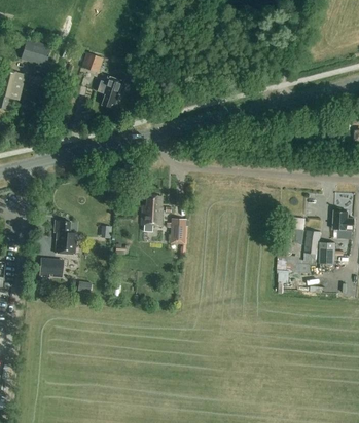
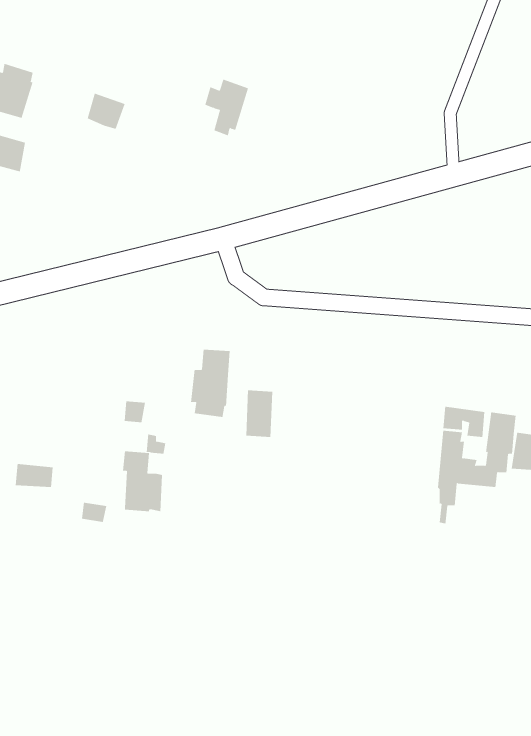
building: [97,76,121,108] -> [204,79,249,136]
building: [55,221,77,255] -> [122,451,163,512]

